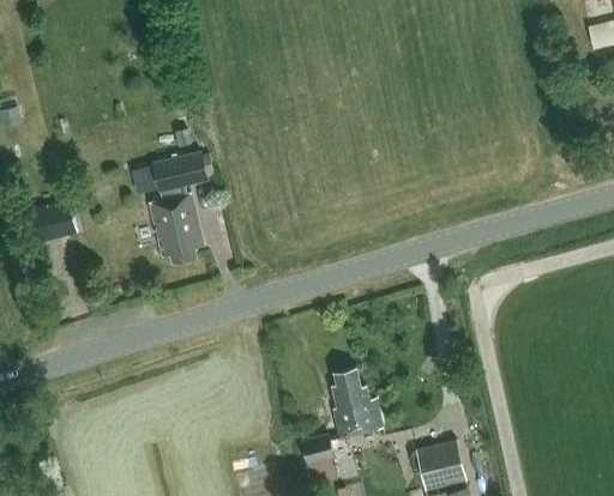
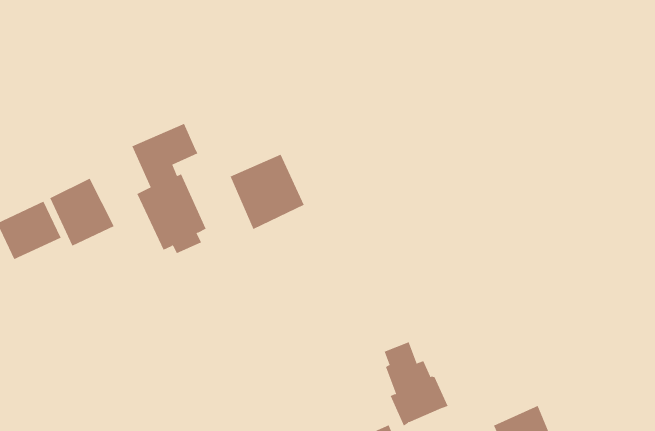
building: none -> [49,178,114,246]
building: none -> [230,154,304,230]

